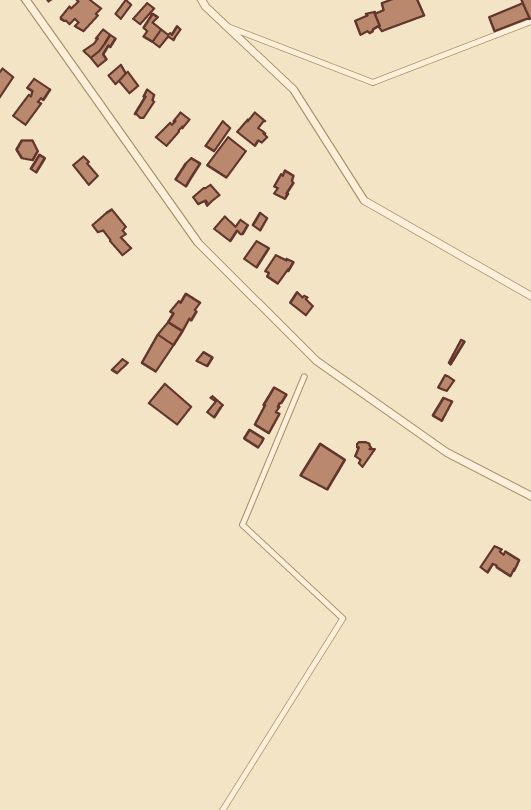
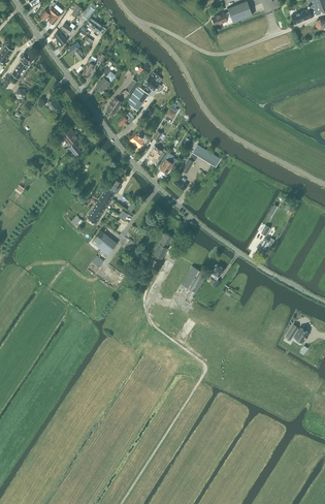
building: none -> [182,145,221,172]

